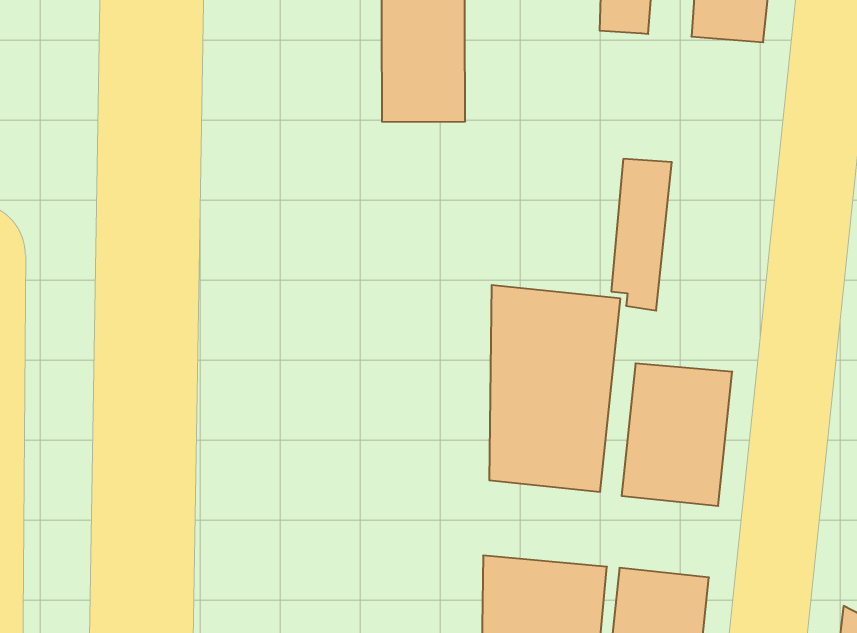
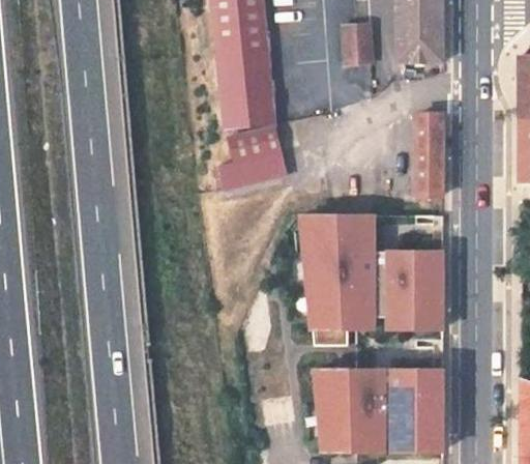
building: none -> [217,127,287,191]
building: [611,159,672,311] -> [414,114,442,200]

